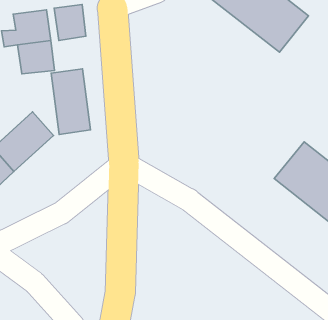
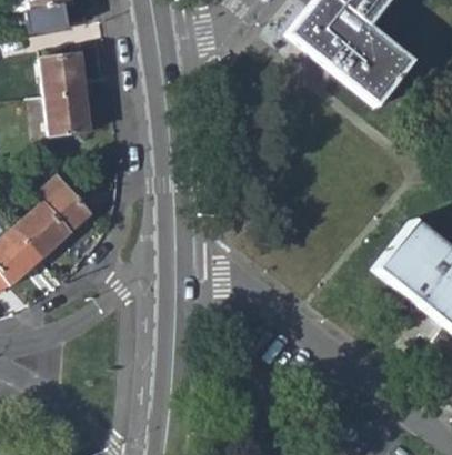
building: [54,5,86,41] -> none
building: [51,69,91,134] -> none

